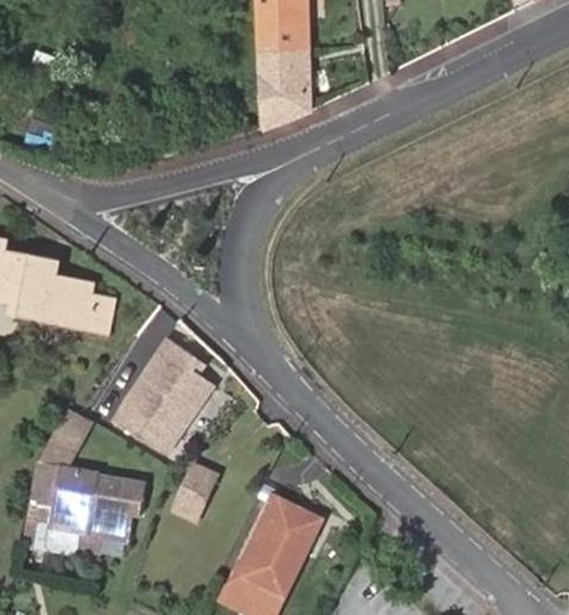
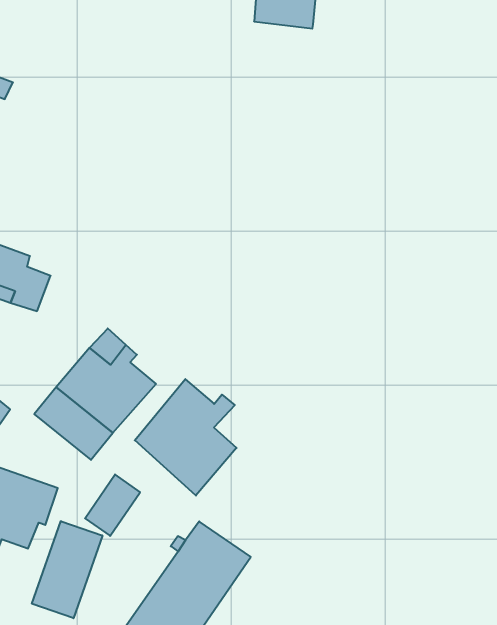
building: [256,50,309,126] -> none
building: none -> [135,379,237,496]
building: none -> [32,521,102,618]

